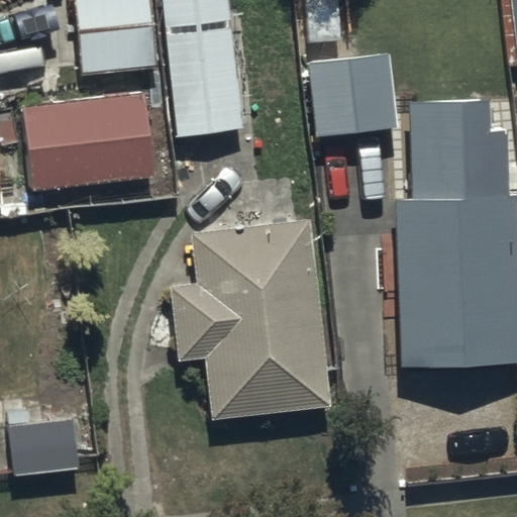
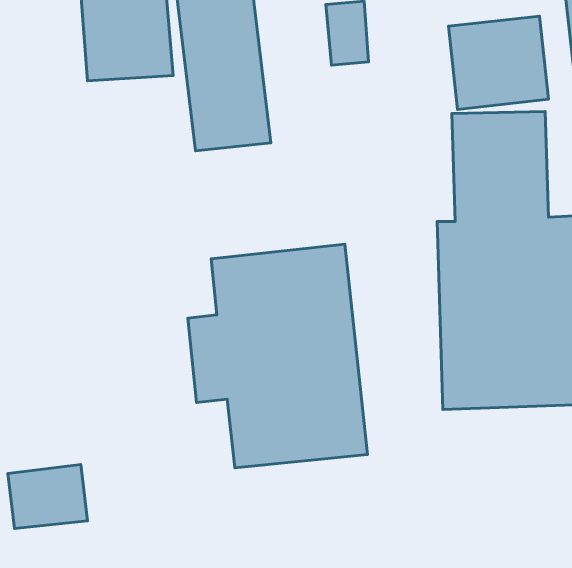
building: [308,54,398,137] -> [449,16,549,109]
building: [22,93,156,190] -> none

